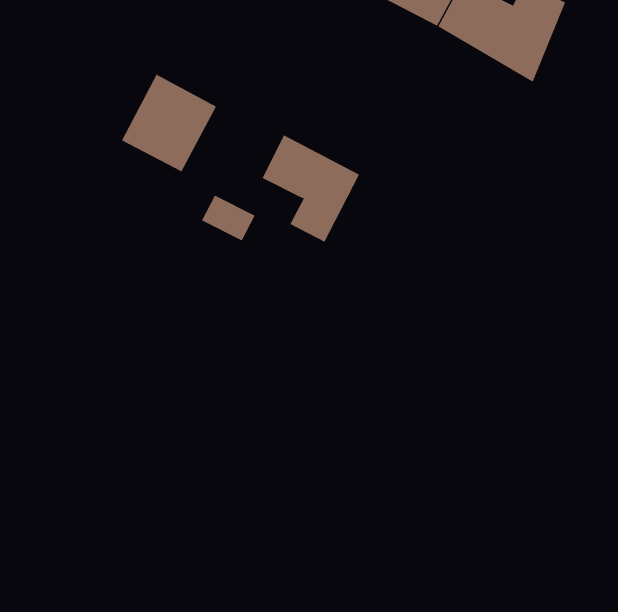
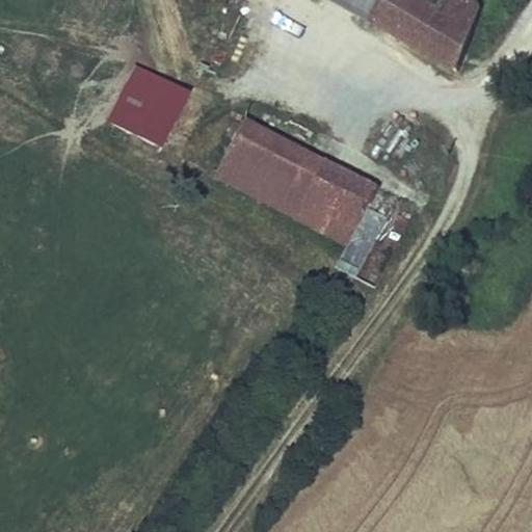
building: none -> [280,150,378,243]
building: [201,195,256,241] -> [214,153,261,192]

